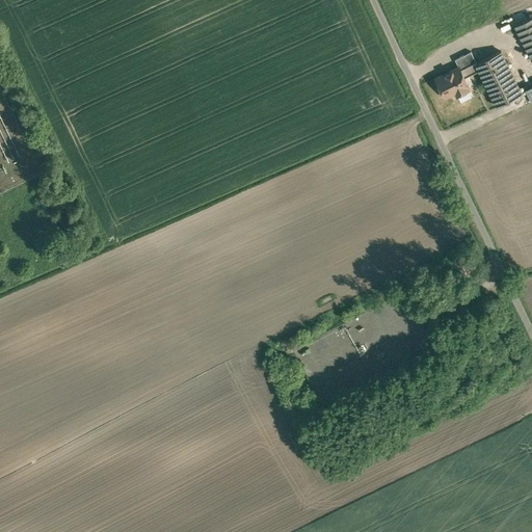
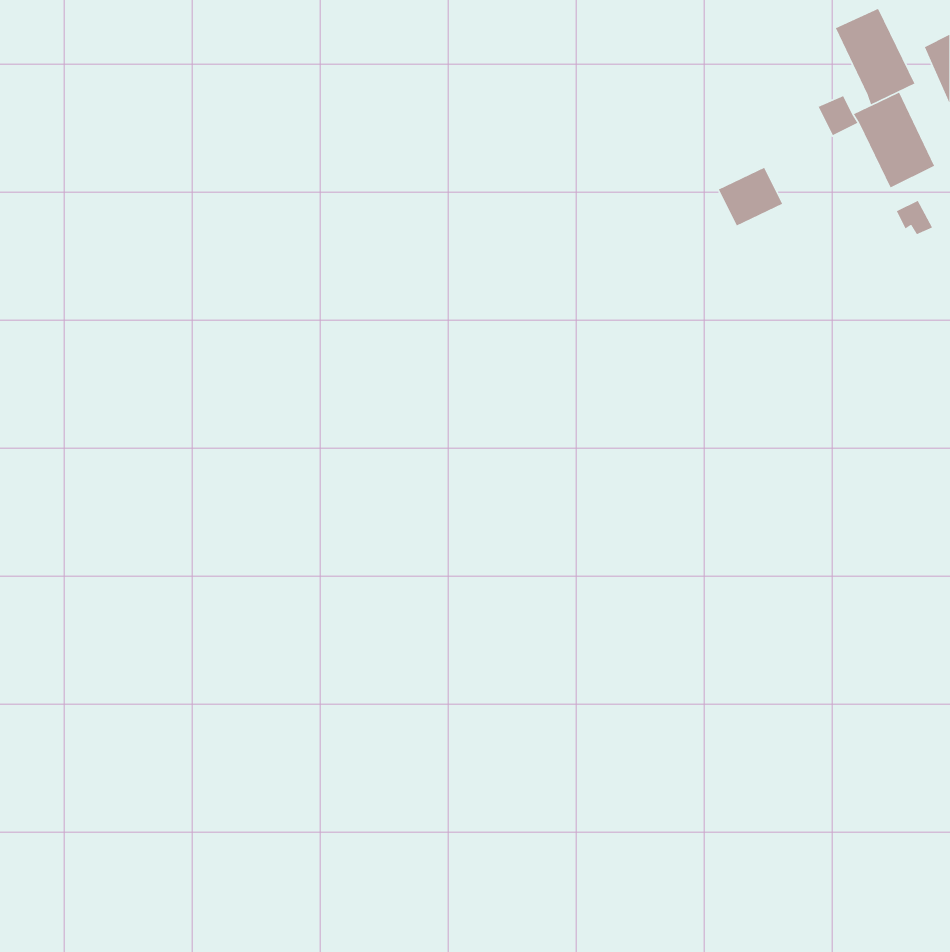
building: none -> [835,8,915,105]
building: [432,66,469,100] -> [718,167,783,226]

